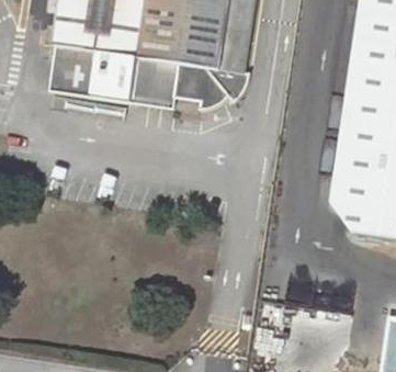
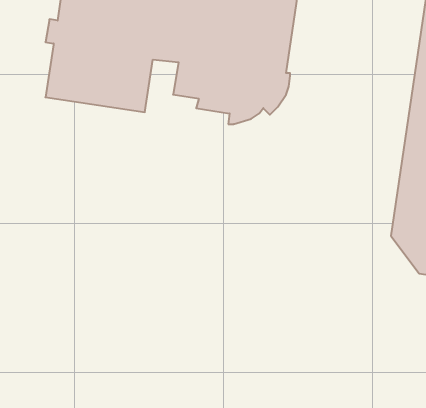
building: [131,57,174,105] -> none

